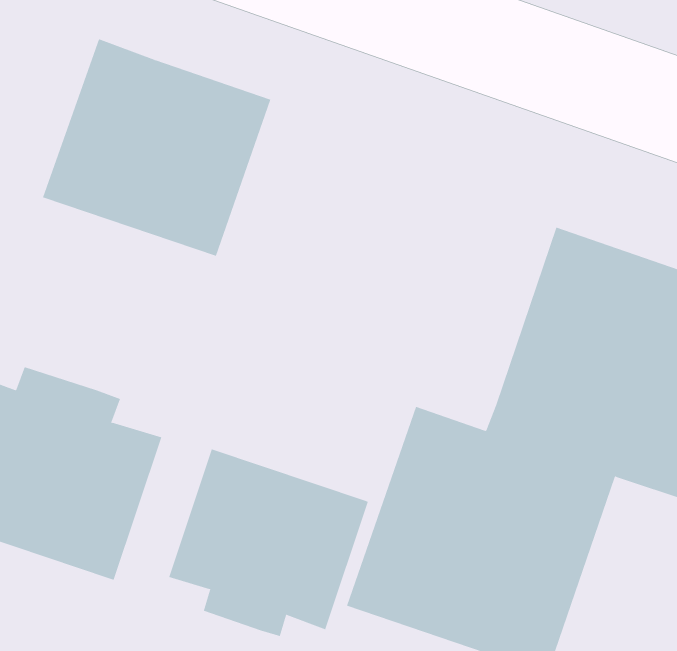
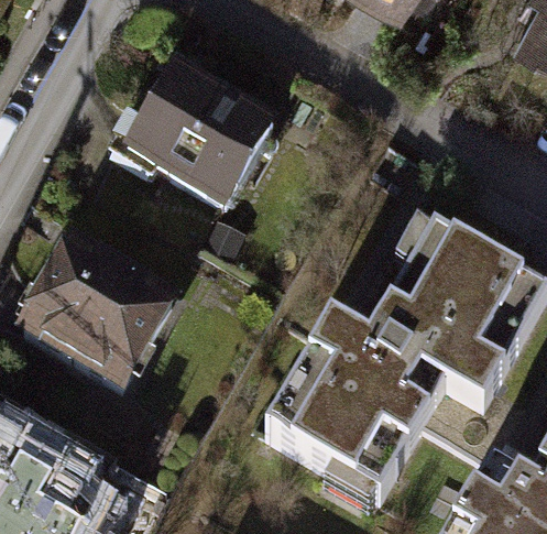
building: [168,449,369,637] -> none

